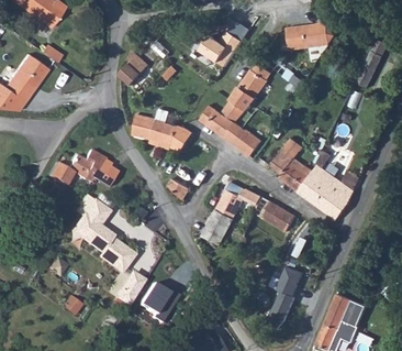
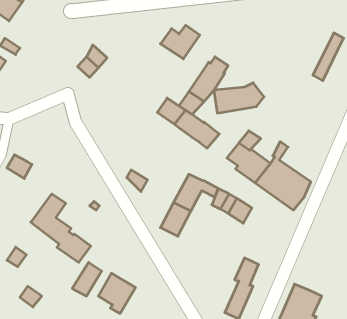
building: [288,19,338,50] -> [214,83,264,113]
building: [133,114,187,146] -> none
building: [68,150,105,182] -> none

